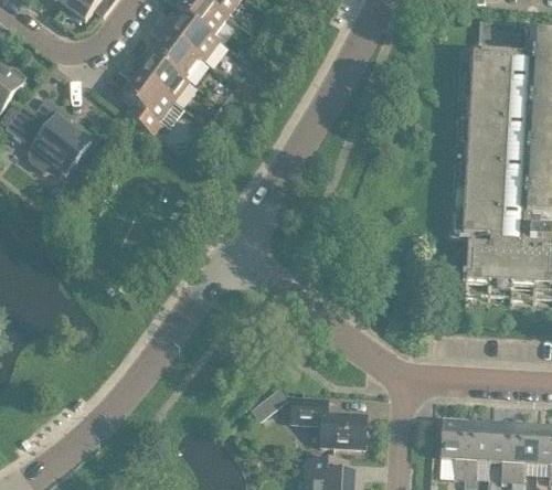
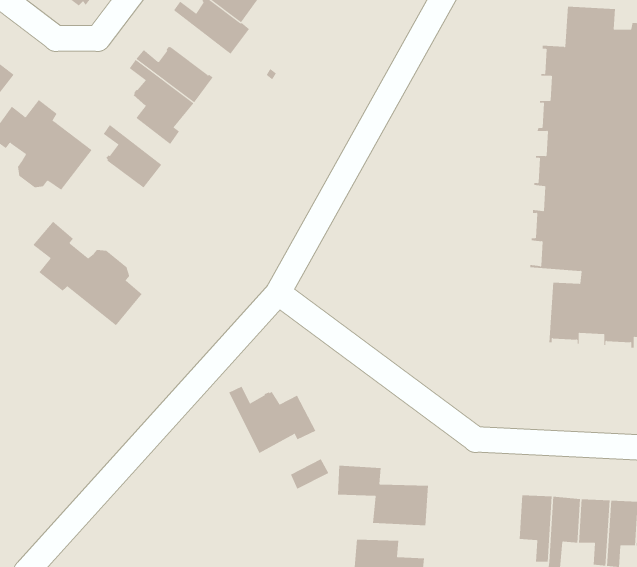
building: [151,25,200,78] -> [103,124,162,189]
building: none -> [33,221,142,326]
building: none -> [229,386,316,454]

